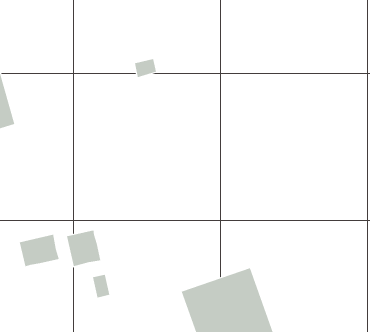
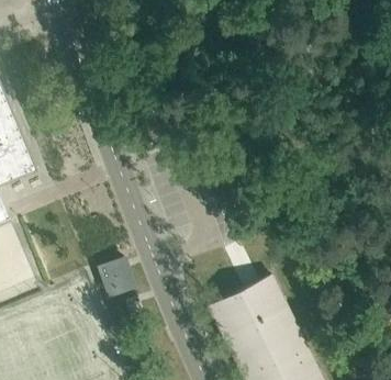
building: [19,234,59,267] -> none

